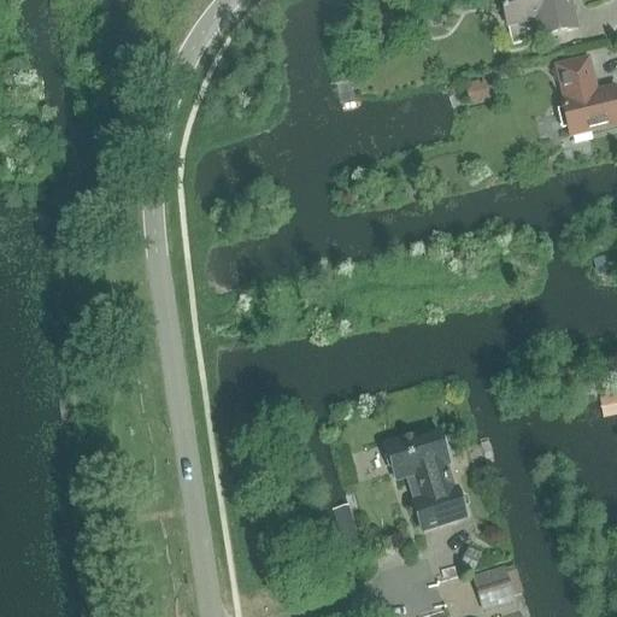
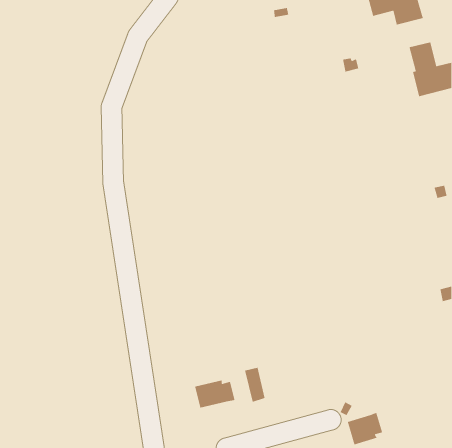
building: [384,430,465,529] -> none
building: none -> [194,379,236,408]

